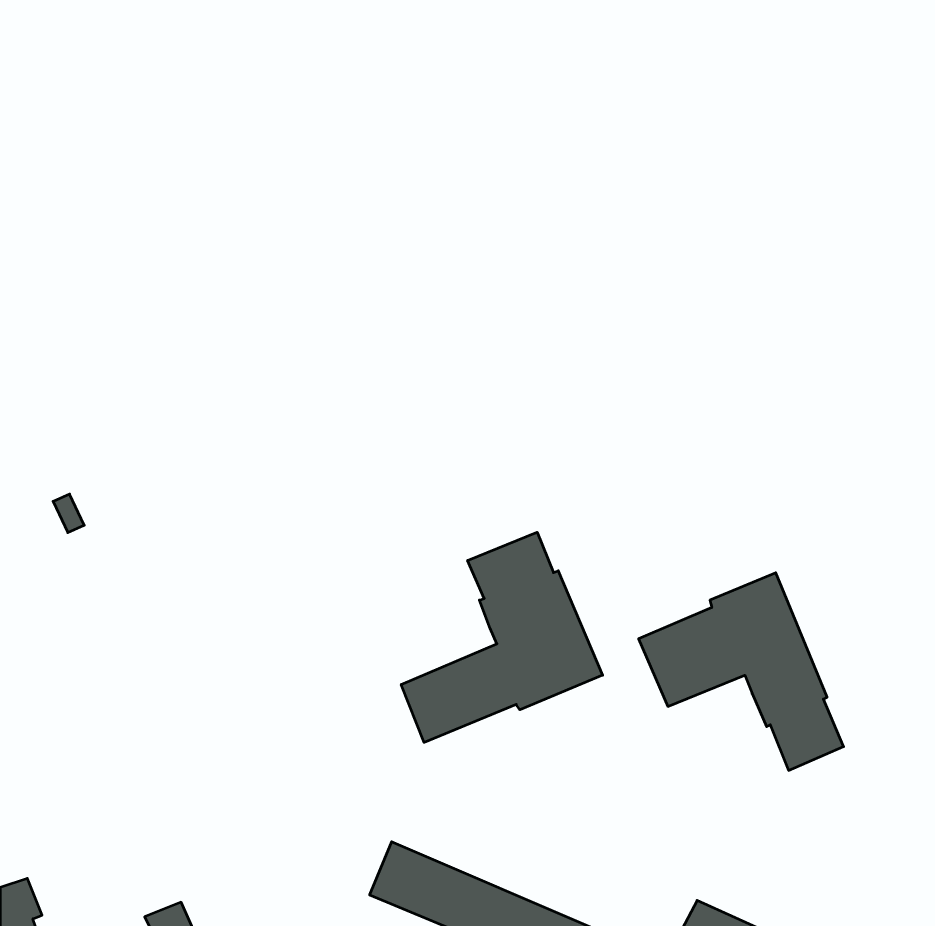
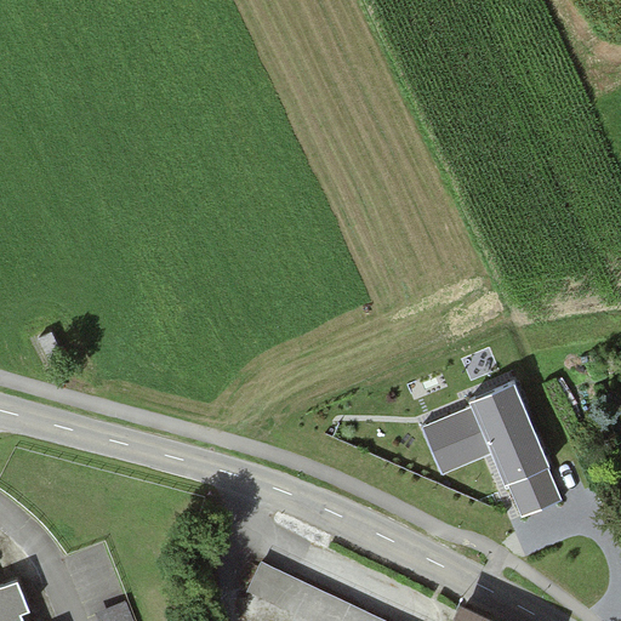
building: [401,532,603,742] -> none

